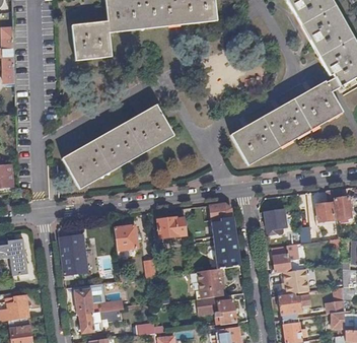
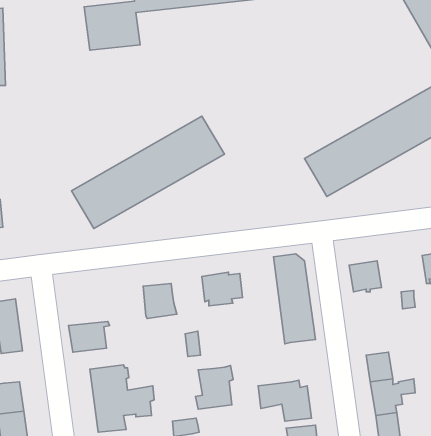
building: [58,234,88,256] -> none
building: [271,245,304,273] -> none
building: [195,268,222,299] -> [195,366,233,409]

